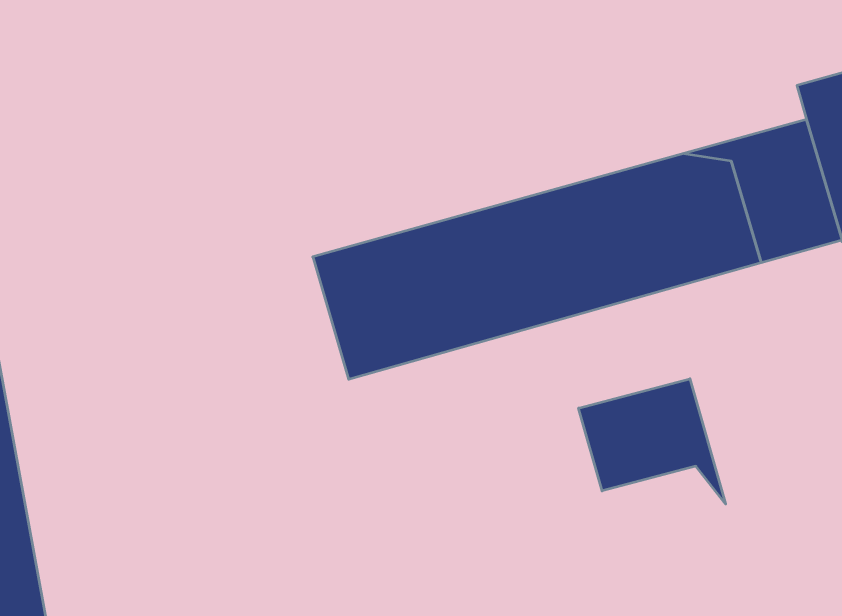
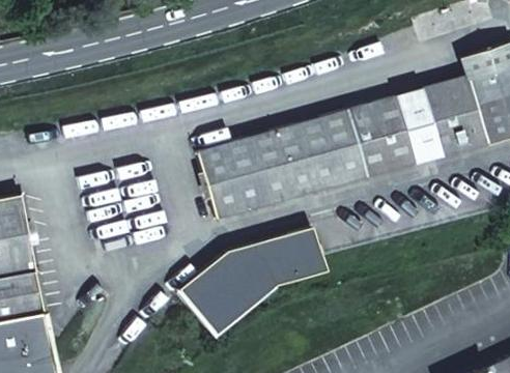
building: [579,379,726,504] -> none
building: none -> [177,227,322,331]

